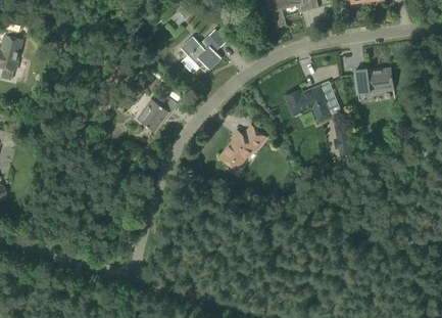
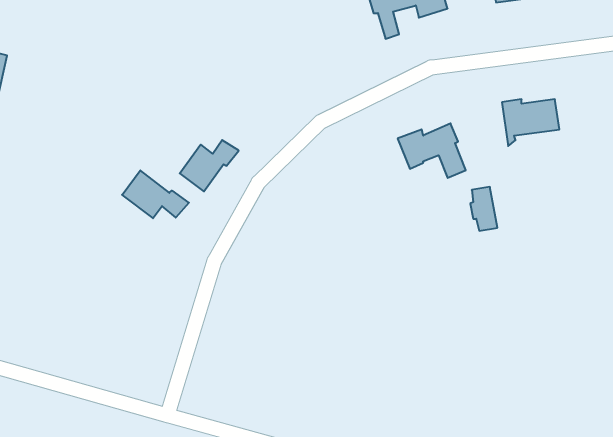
building: [181,29,227,74] -> none
building: none -> [122,170,189,218]
building: [219,126,265,169] -> none

